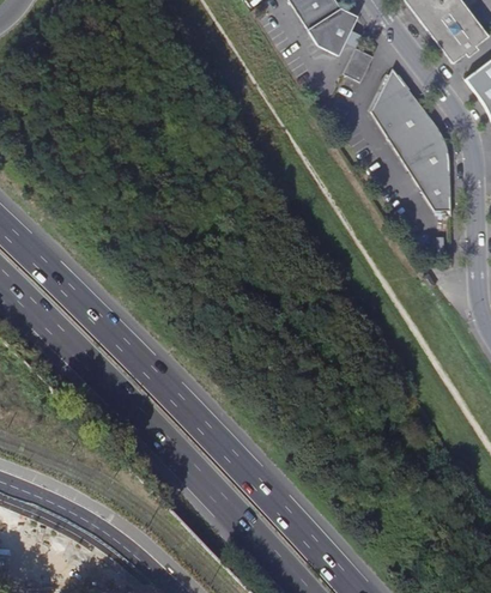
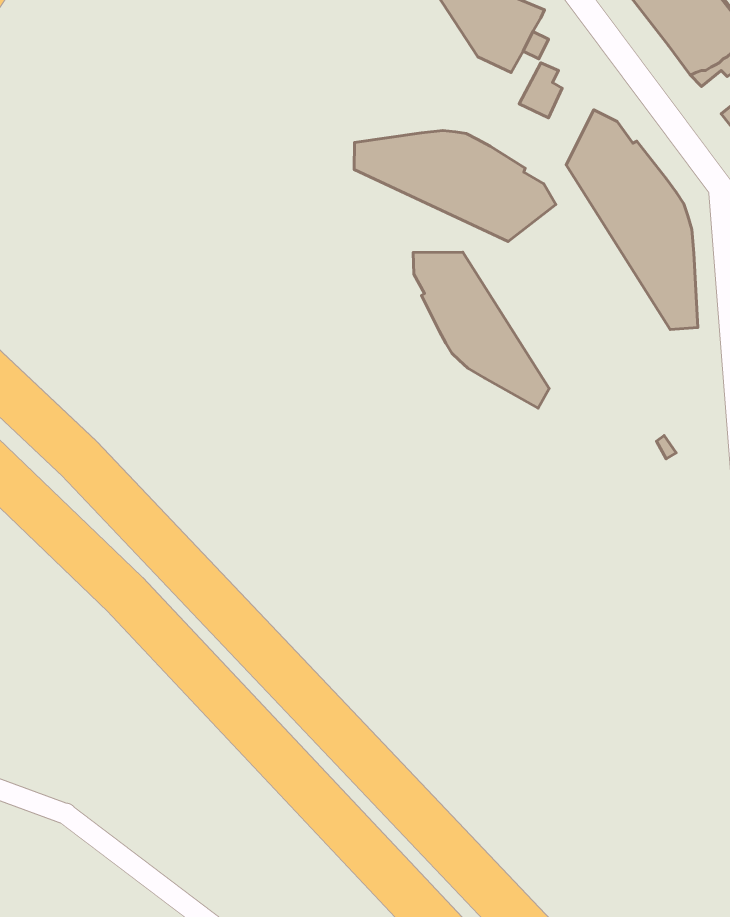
building: none -> [354,130,556,241]
building: none -> [413,252,549,408]

